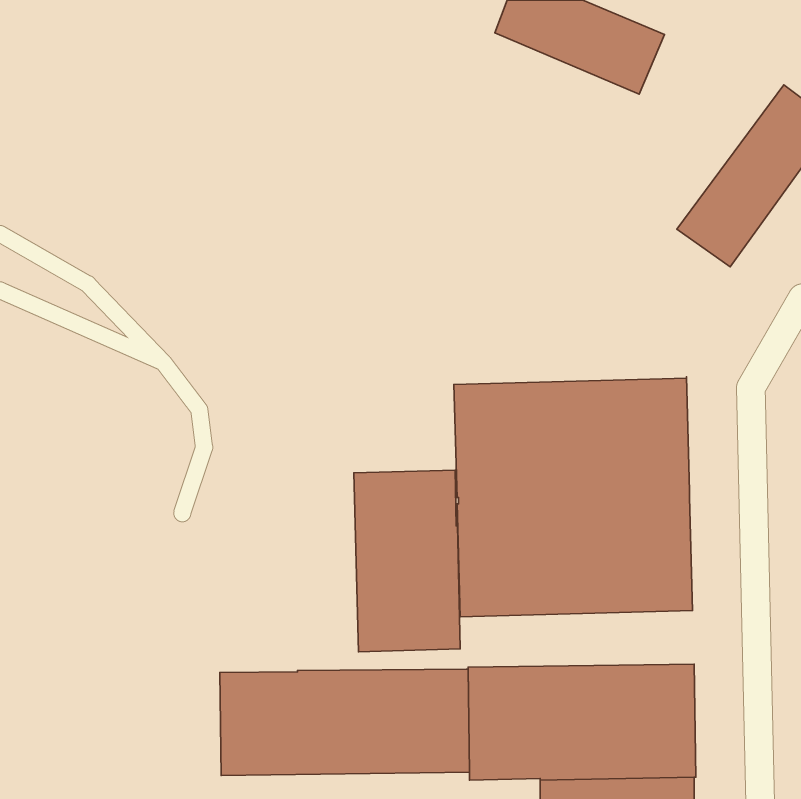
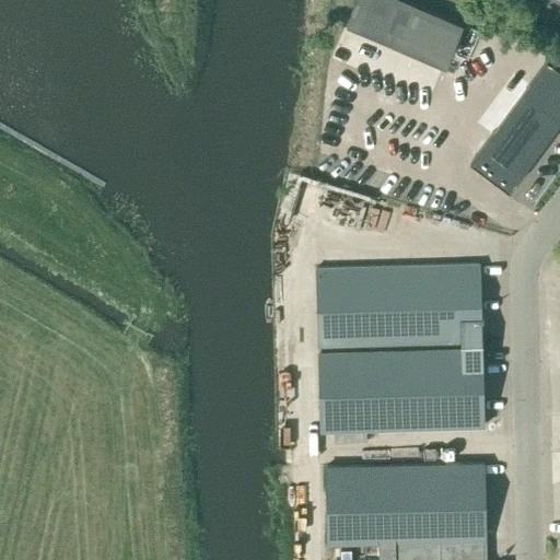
building: [354,470,460,652] -> none
building: [220,669,469,776] -> none

